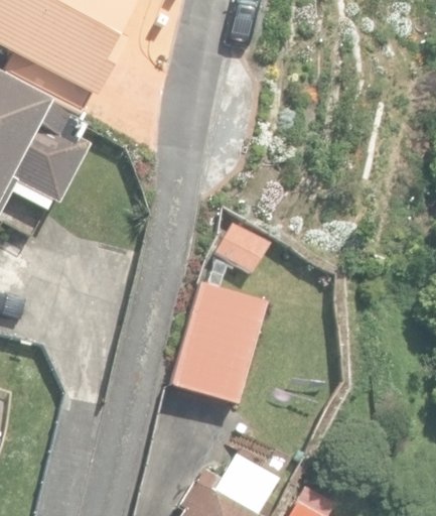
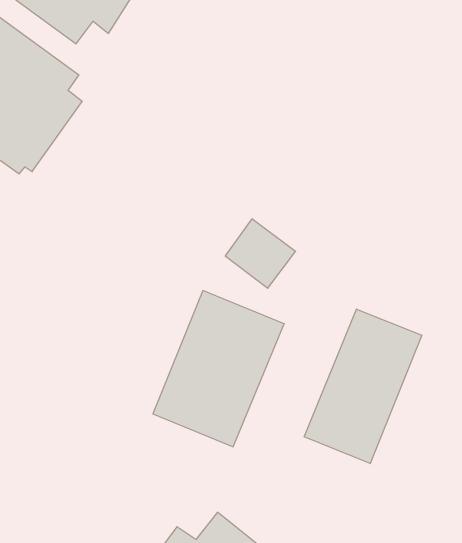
building: none -> [304,309,422,464]

